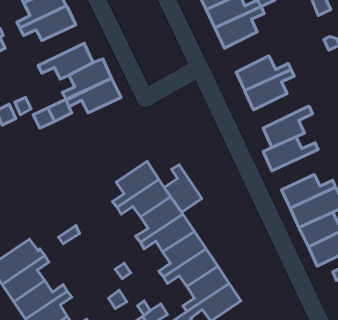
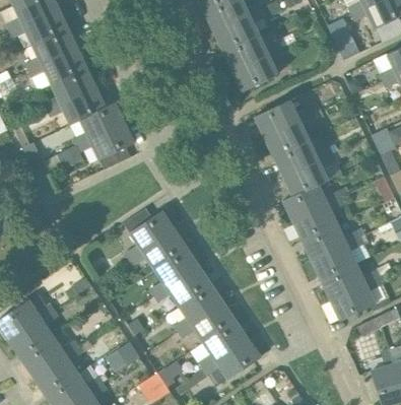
building: none -> [45,67,96,110]
building: none -> [274,139,332,176]
building: none -> [293,198,345,241]
building: [164,165,202,212] -> none

